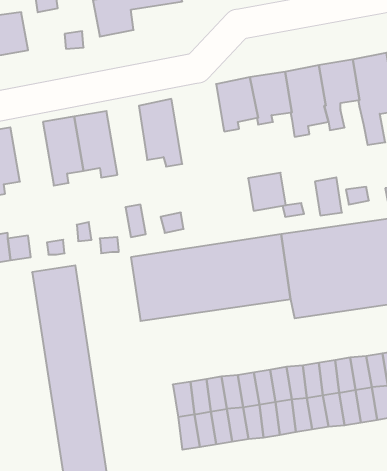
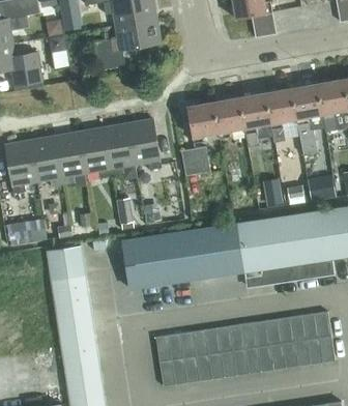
building: none -> [104,123,135,176]
building: none -> [30,136,63,186]
building: [248,173,286,211] -> [181,146,210,175]

